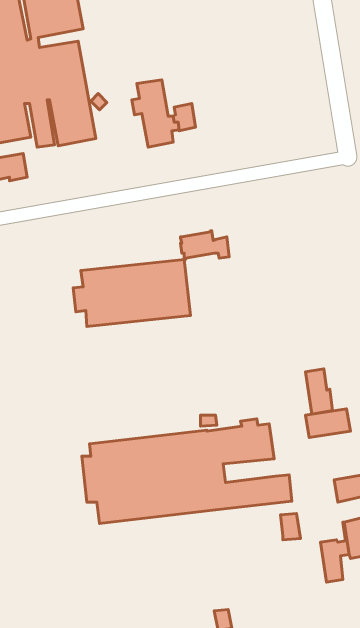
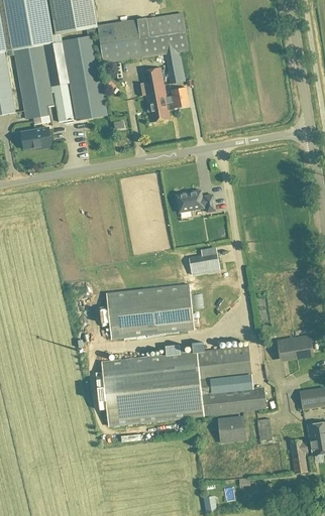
building: none -> [96,12,188,84]
building: [73,259,191,327] -> [99,283,194,338]
building: none -> [188,251,219,273]
building: [306,369,332,414] -> none
building: none -> [209,373,251,392]
building: none -> [217,416,245,440]

